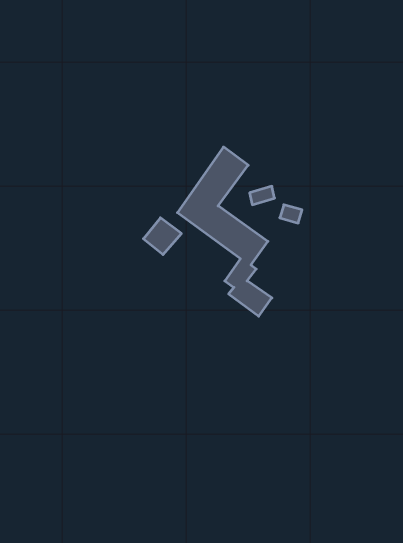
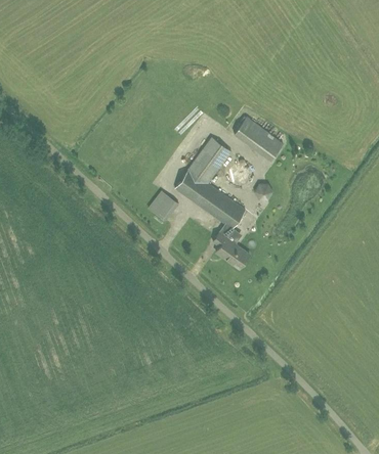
building: none -> [234,117,283,161]

